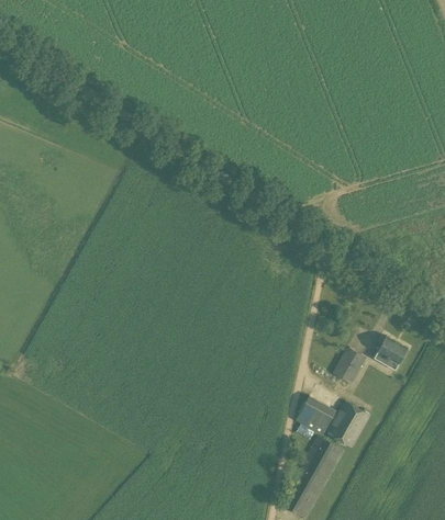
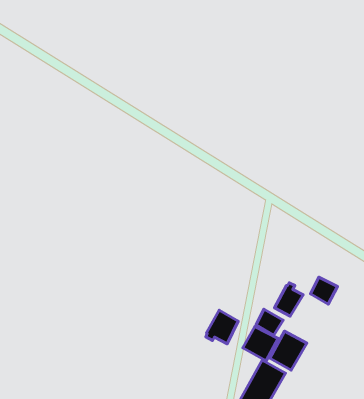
building: none -> [256,309,283,335]
building: none -> [206,310,238,344]

